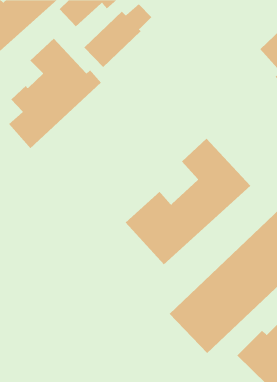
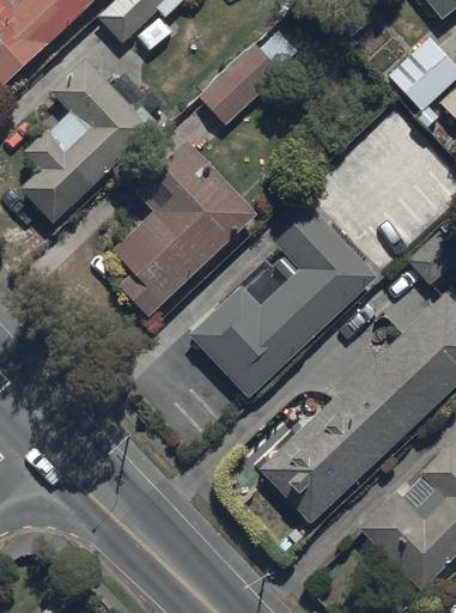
building: [83,3,152,68] -> [197,31,298,126]
building: none -> [114,132,261,317]

